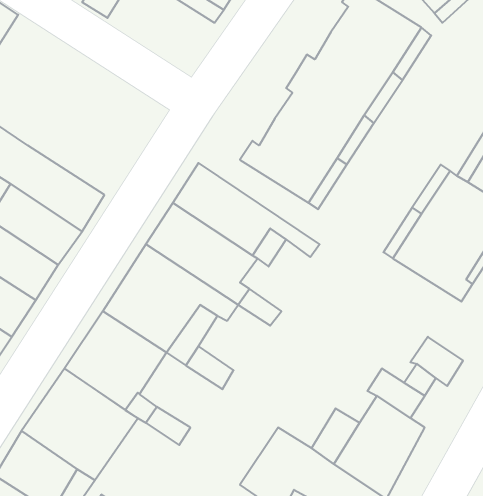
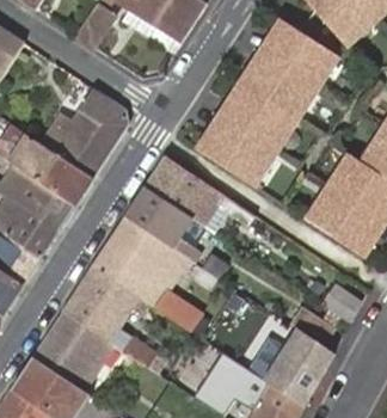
building: none -> [36,88,130,177]

